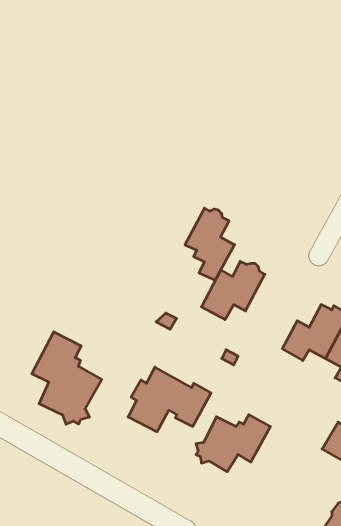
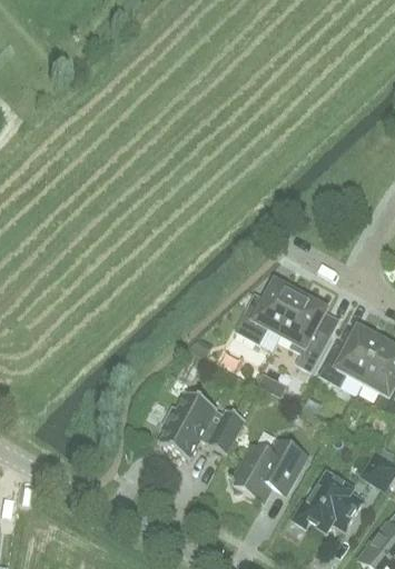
building: [185,208,235,280] -> [282,296,333,370]
building: [32,332,102,424] -> none
building: none -> [294,471,364,531]

